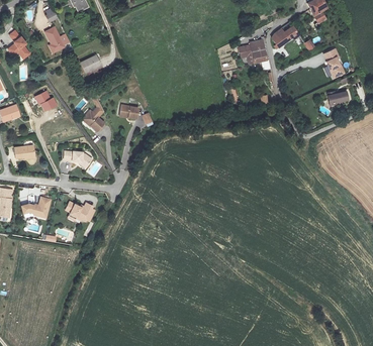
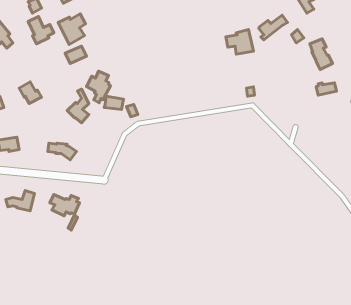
building: none -> [58,14,86,44]
building: none -> [87,71,110,103]

